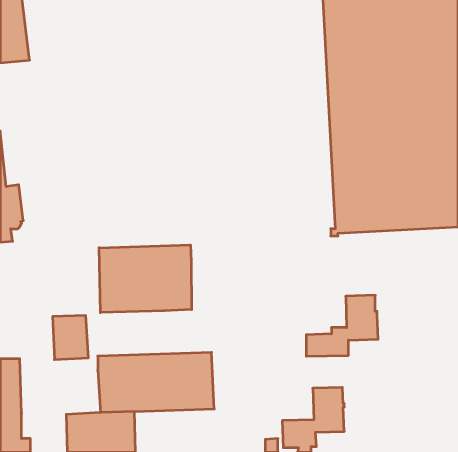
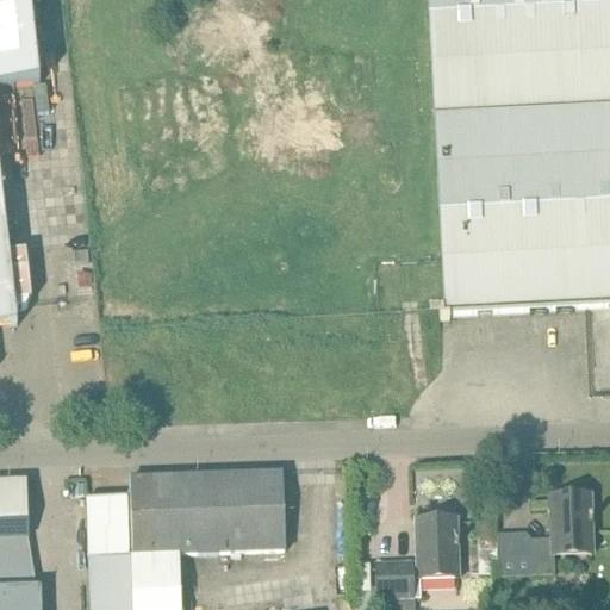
building: [99,245,192,313] -> none
building: [306,295,378,356] -> [498,491,593,572]
building: [53,316,88,360] -> [86,492,133,550]

